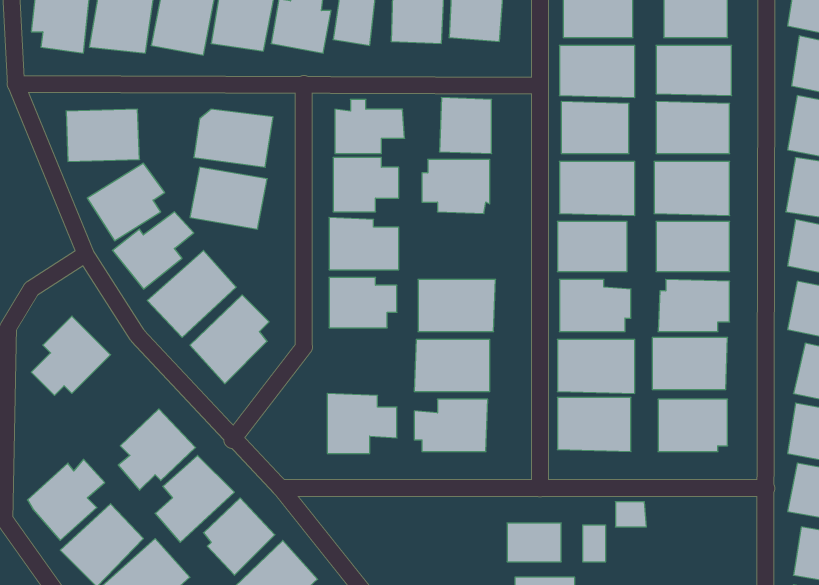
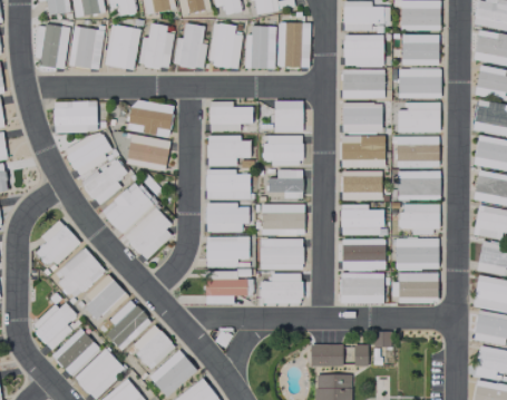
building: none -> [266,167,302,195]
building: none -> [208,234,248,265]
building: none -> [60,251,107,300]

